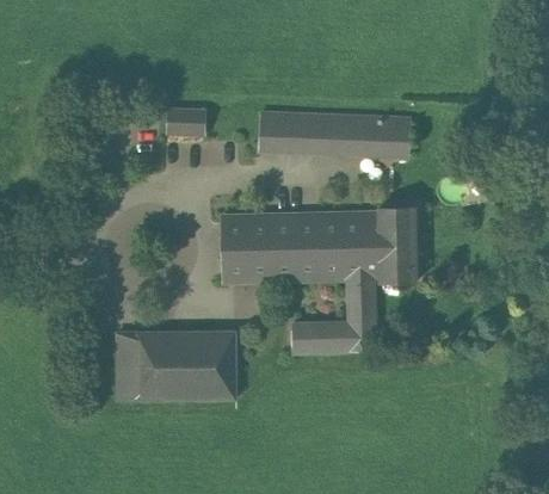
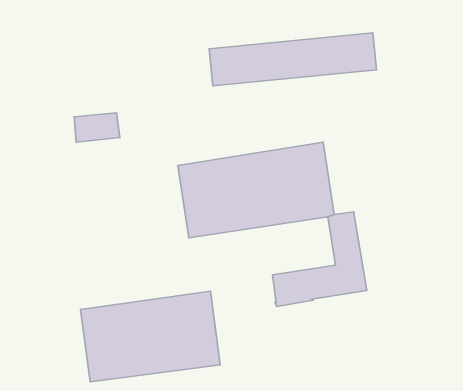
building: [171,106,210,130] -> [74,113,120,142]
building: [358,203,420,279] -> none

